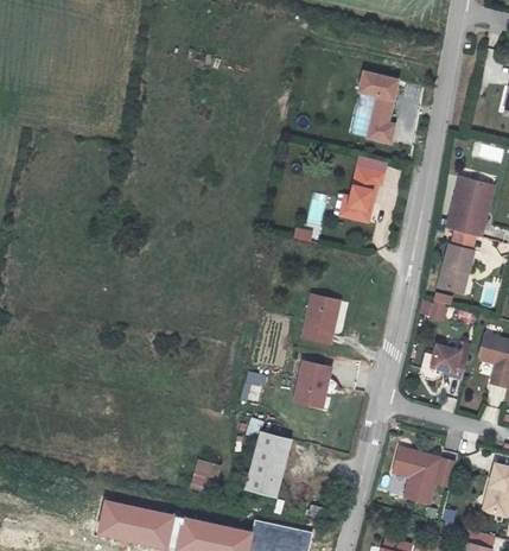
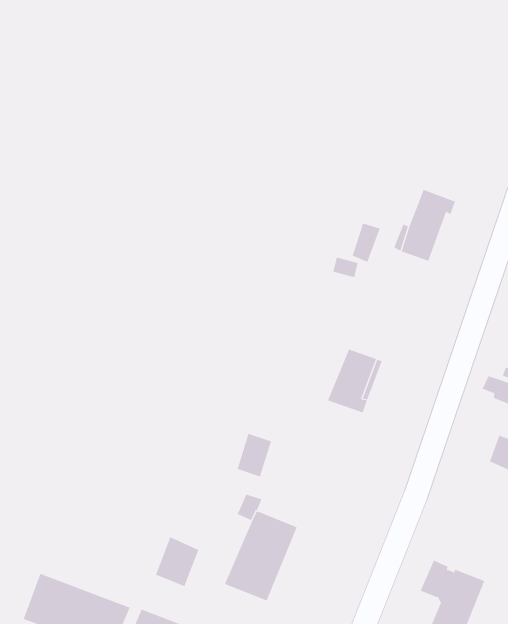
building: [356,70,399,145] -> none
building: [294,361,331,406] -> none

